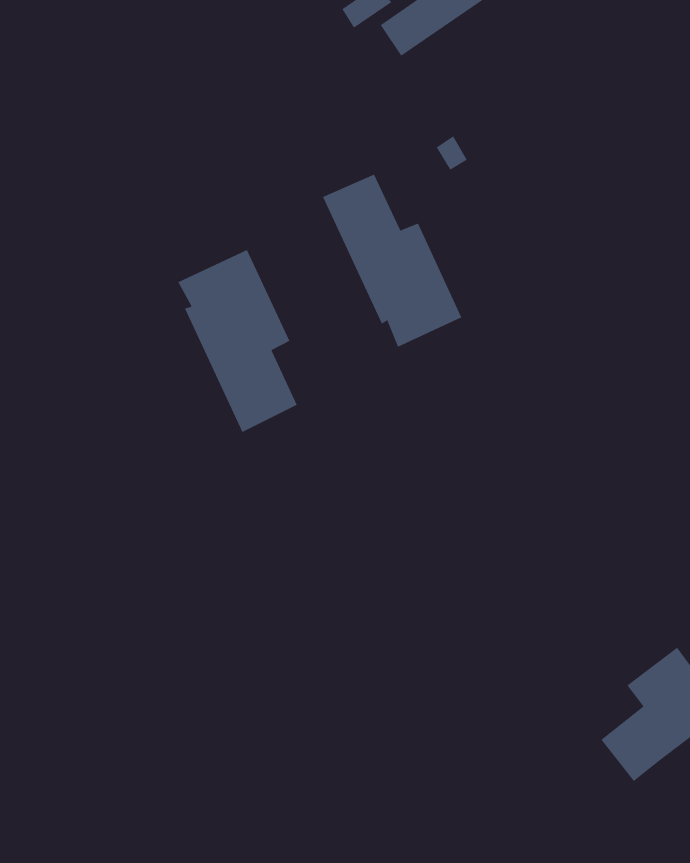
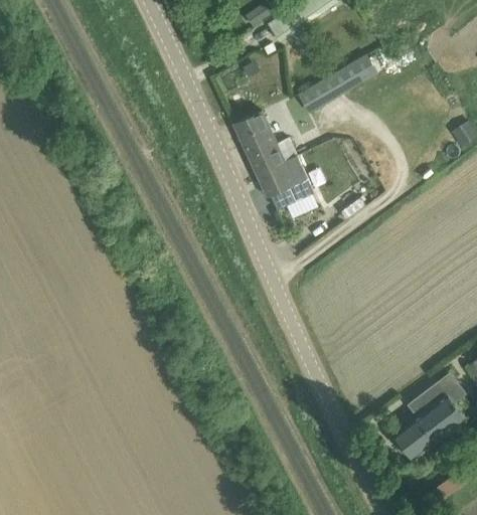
building: none -> [324,49,387,93]
building: [178,249,298,433] -> none

